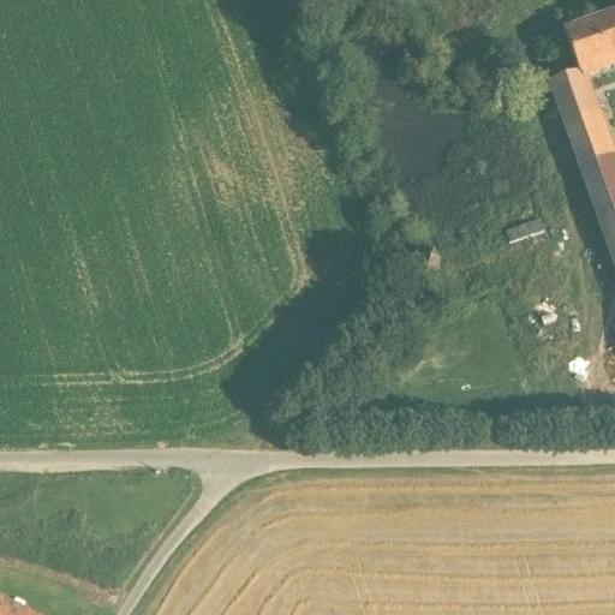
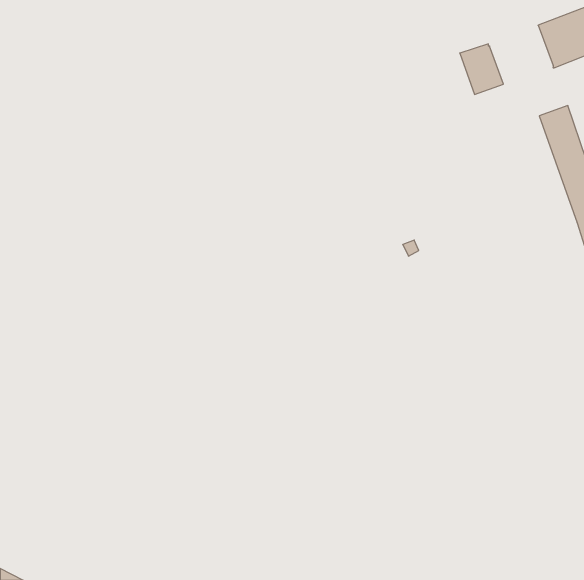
building: [551,68,597,121] -> [460,44,503,94]

